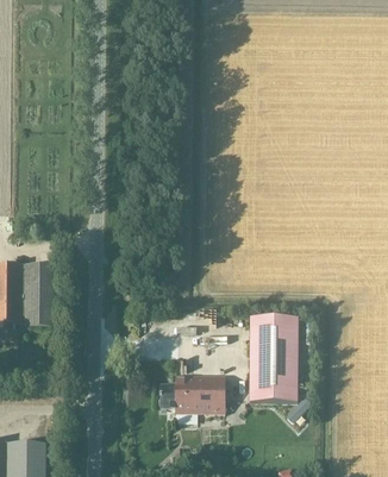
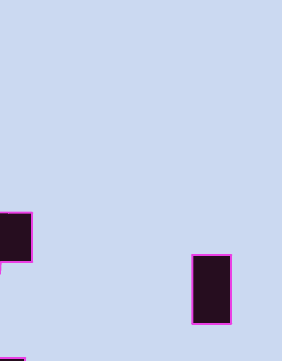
building: [162,375,226,412] -> none

